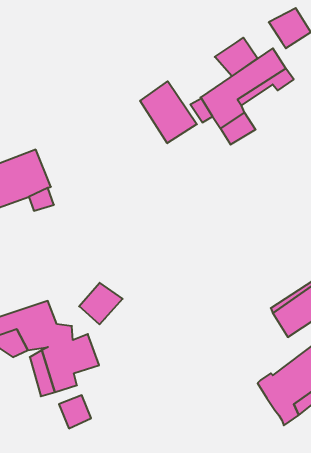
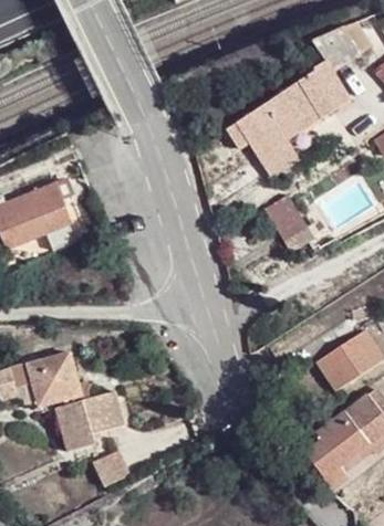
building: [215,38,258,76] -> none
building: [140,81,197,143] -> none
building: none -> [268,197,311,243]
building: [79,283,123,324] -> none

